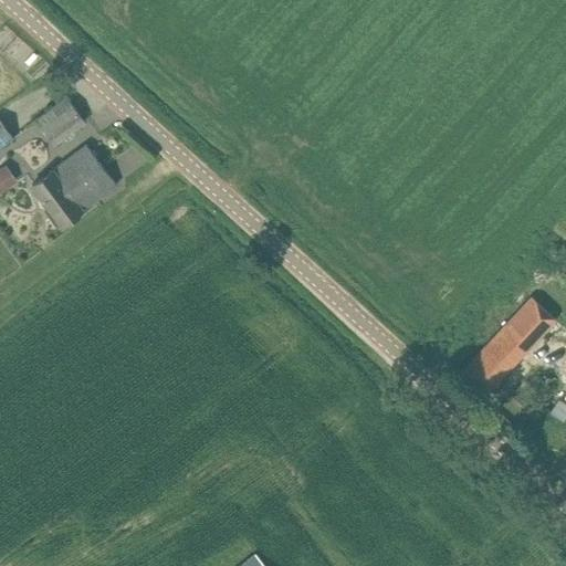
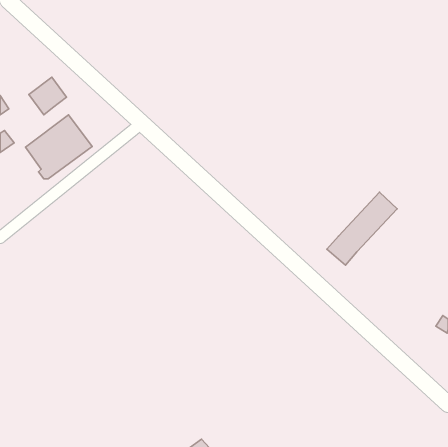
building: [463,301,552,392] -> [327,192,397,265]

